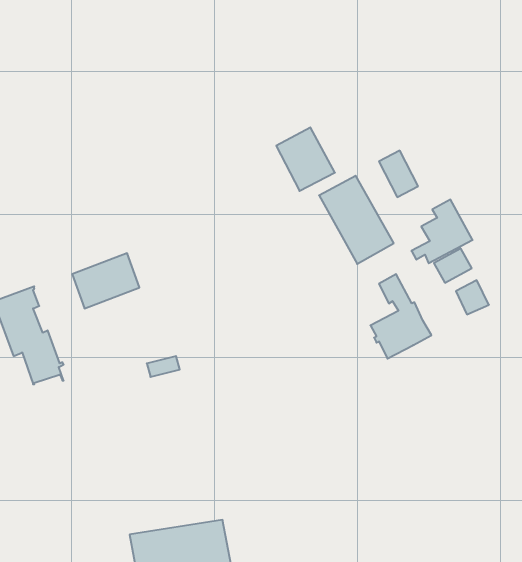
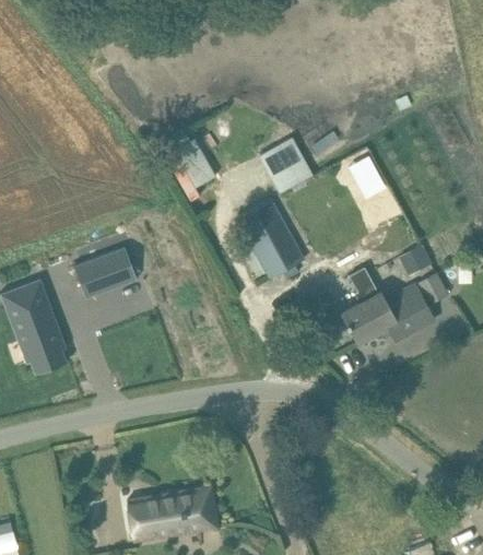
building: none -> [177,138,219,187]
building: [319,176,394,264] -> [237,200,304,279]
building: [411,200,473,263] -> [380,285,435,342]

